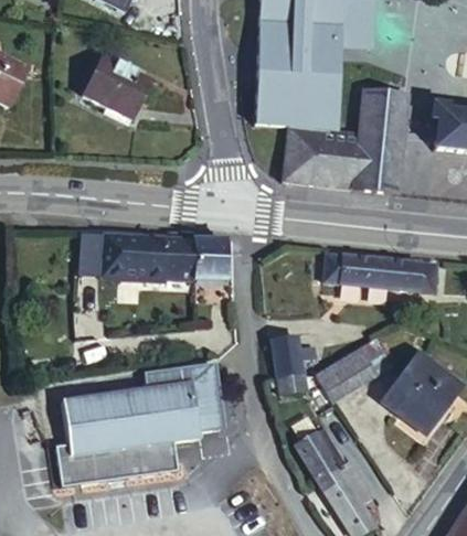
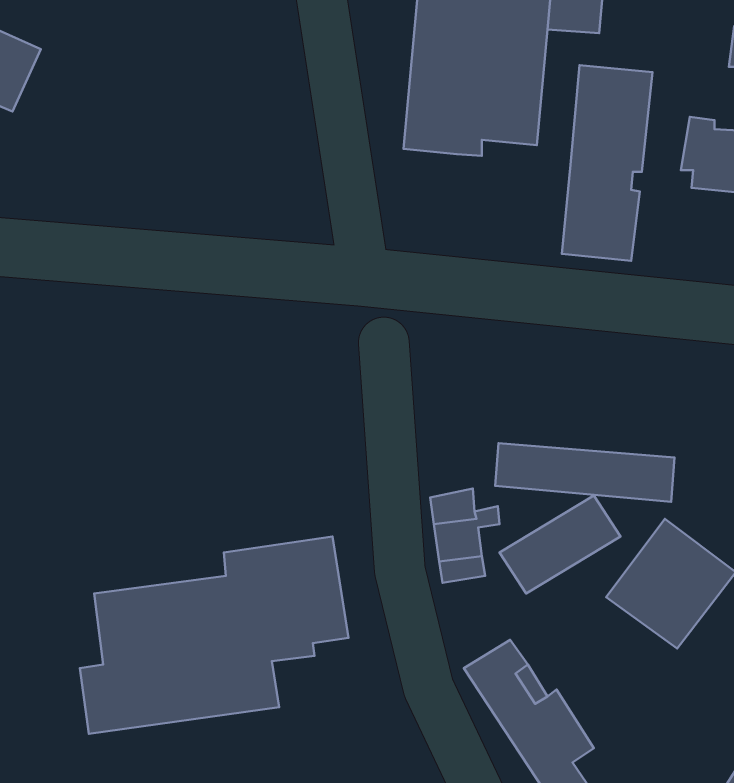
building: [85,52,151,114] -> none
building: [284,127,359,189] -> none
building: [82,236,224,278] -> none
building: [325,255,436,291] -> [495,443,675,502]

